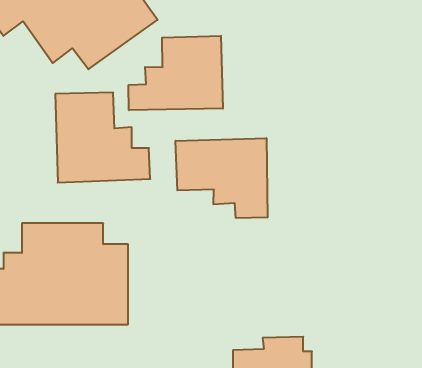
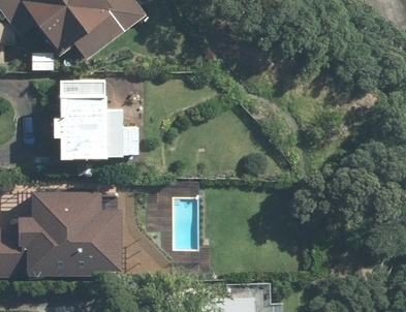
building: [129,36,223,110] -> none
building: [176,138,267,218] -> none

